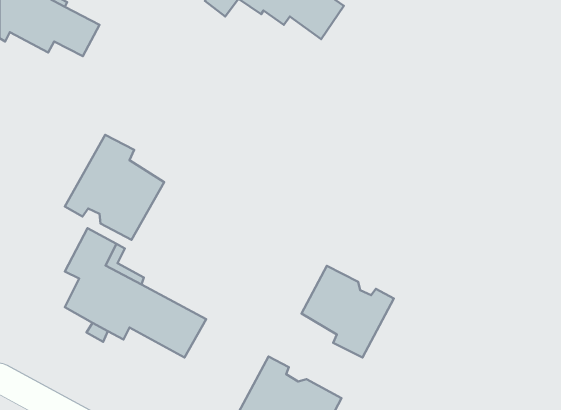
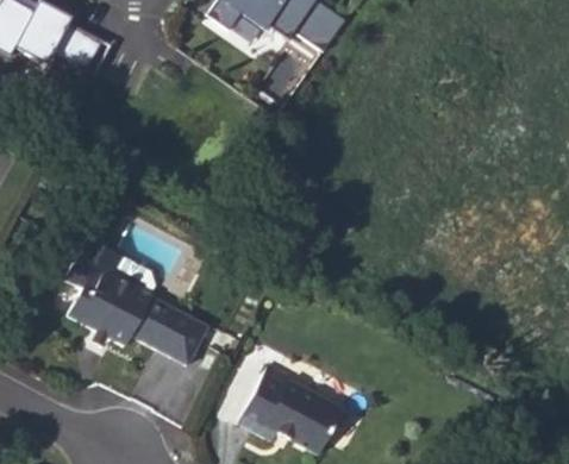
building: [65,135,164,240] -> none
building: [301,266,394,357] -> none

